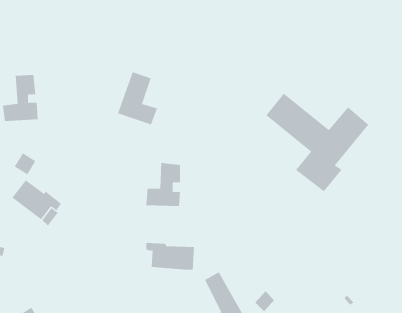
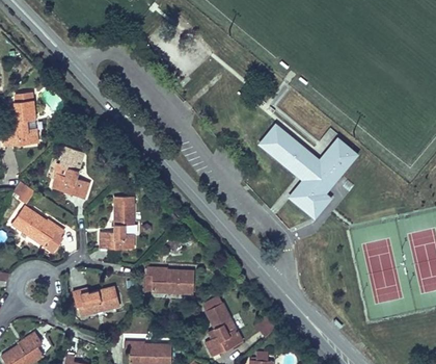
building: [117,72,158,125] -> [51,149,90,201]
building: [146,163,181,206] -> [99,207,133,250]
building: none -> [73,286,119,318]

